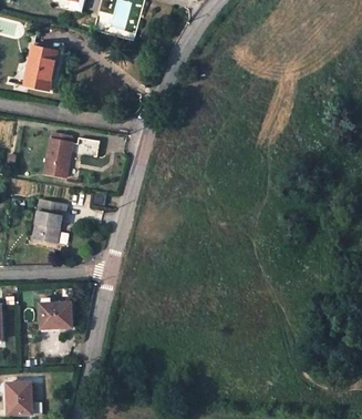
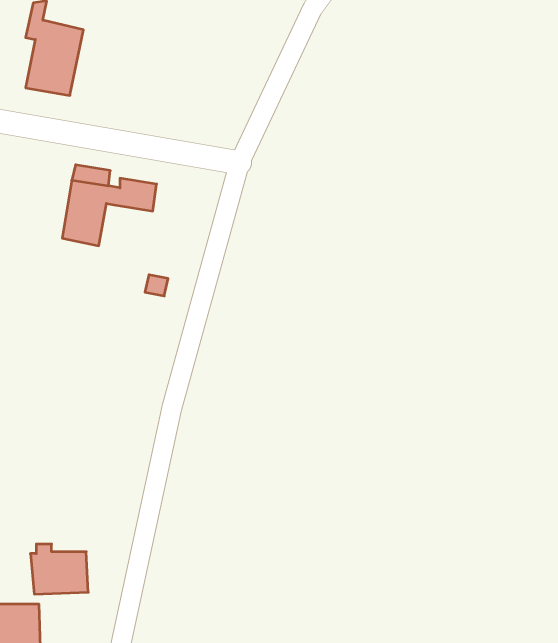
building: [33,204,65,243] -> none
building: [39,298,72,327] -> [30,544,88,594]

